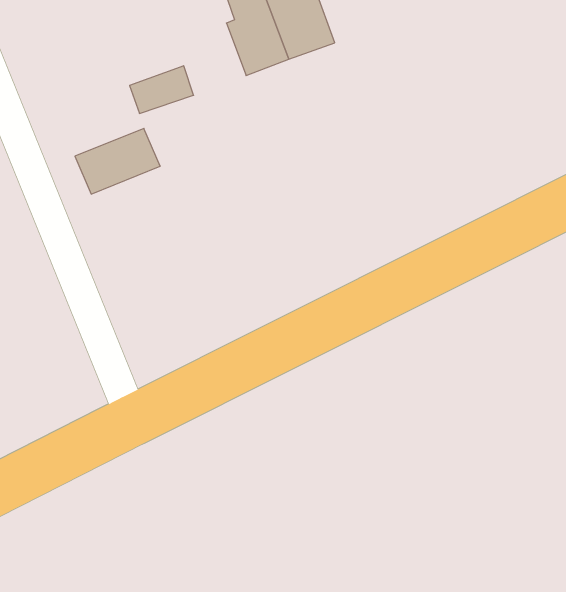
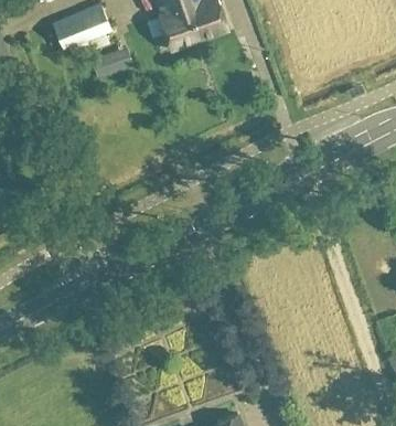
building: [75,128,160,194] -> [54,6,111,50]

